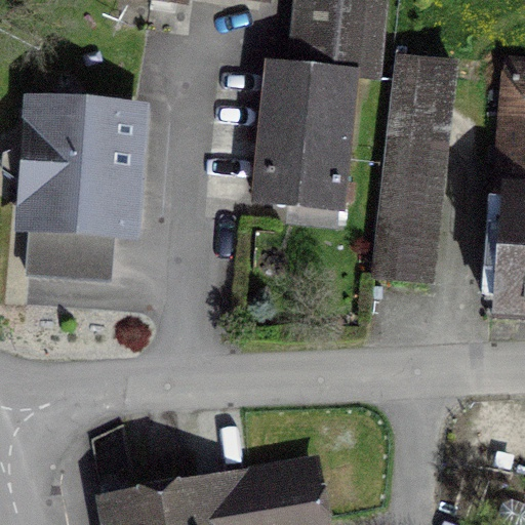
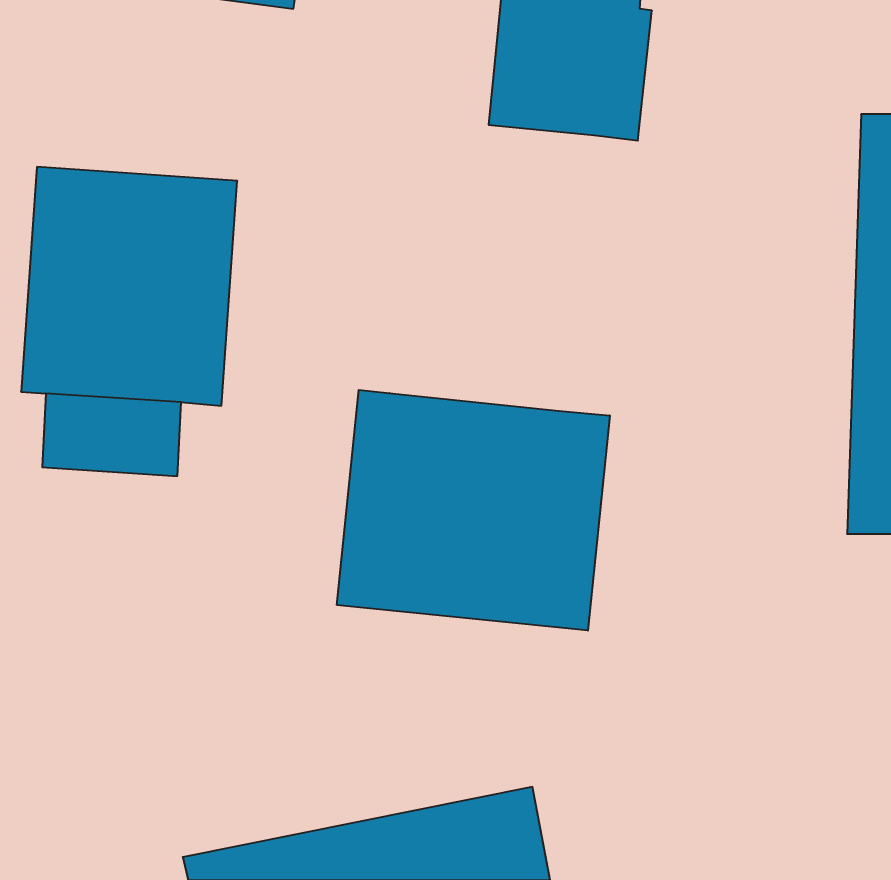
building: [372,57,453,285] -> none
building: [255,71,351,210] -> none
building: none -> [337,390,610,631]

